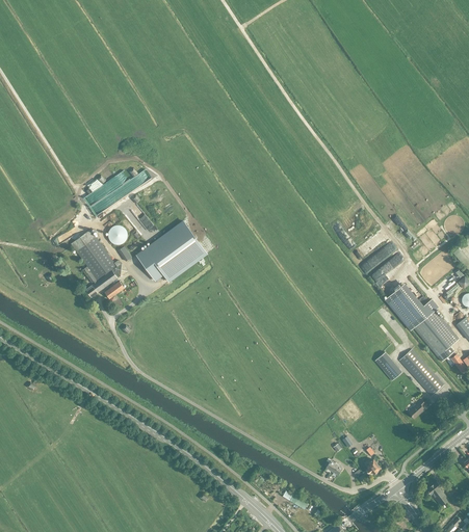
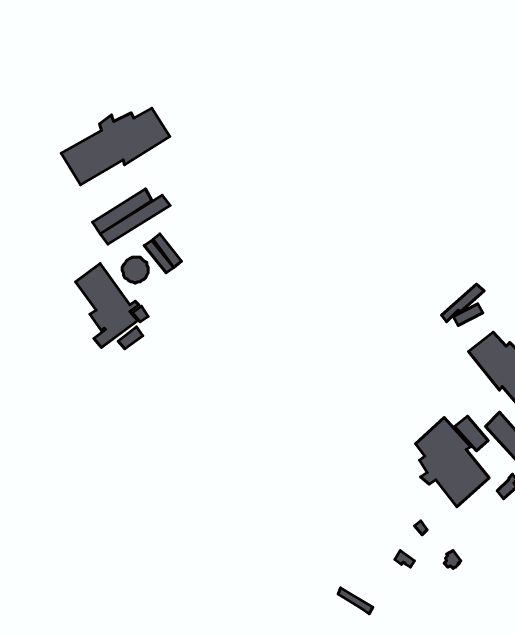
building: none -> [61,108,170,185]
building: [135,219,207,281] -> none
building: none -> [416,418,489,507]

